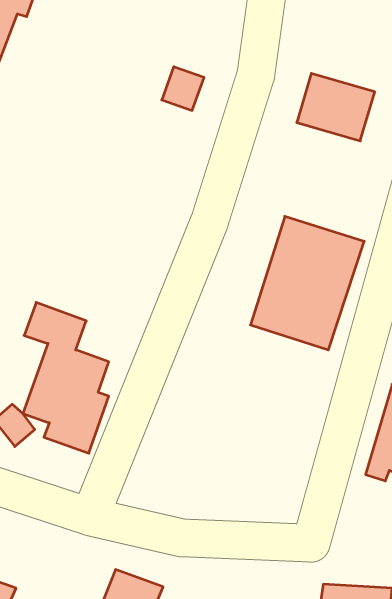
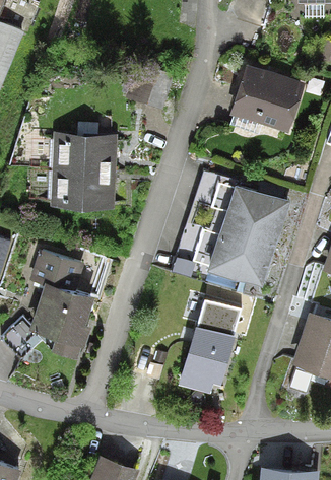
building: none -> [55,138,111,206]
building: none -> [179,300,241,394]

